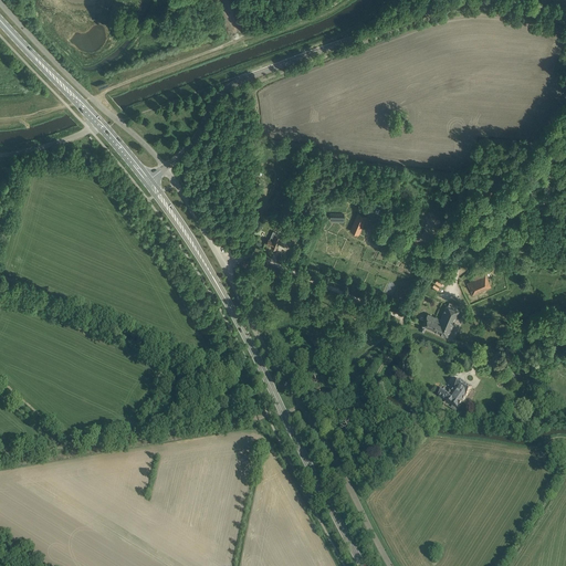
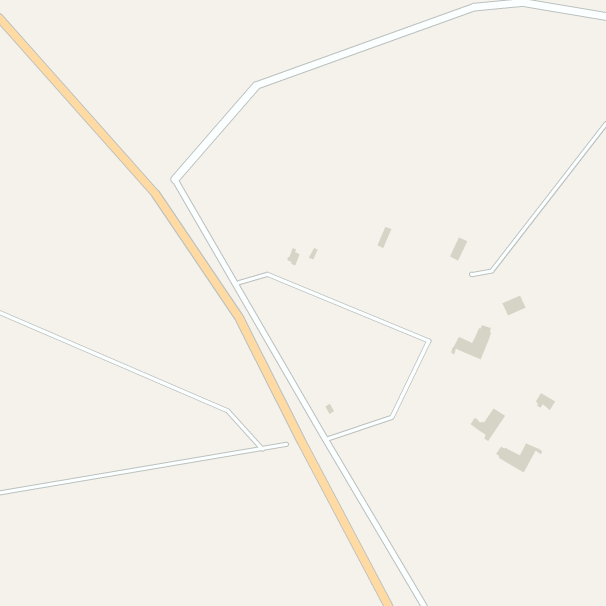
building: none -> [495,443,543,474]

